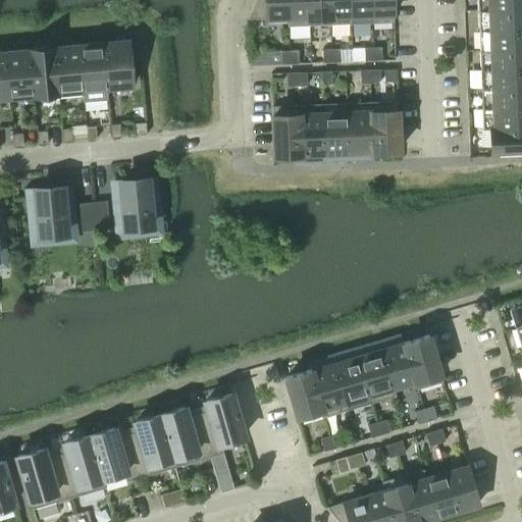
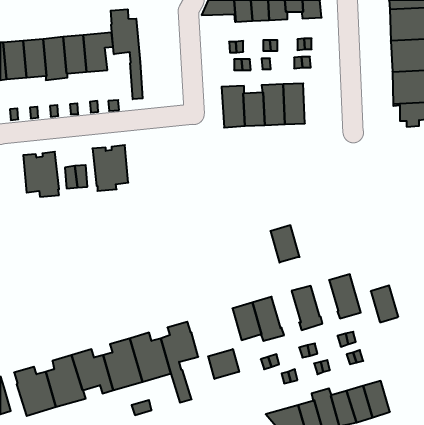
building: none -> [111,9,143,99]
building: [373,102,401,152] -> none
building: [382,344,416,388] -> [371,285,398,322]
building: [334,357,370,403] -> [270,225,300,263]
building: none -> [208,349,239,379]

